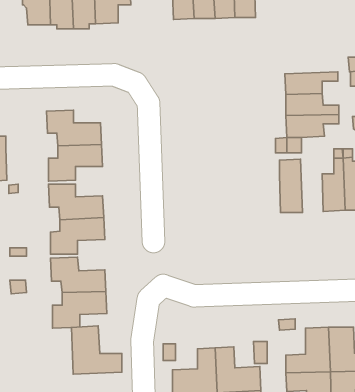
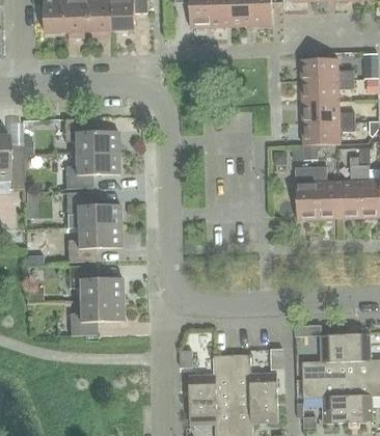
building: none -> [301,58,354,81]
building: none -> [317,166,340,219]
building: [71,326,122,374] -> none

